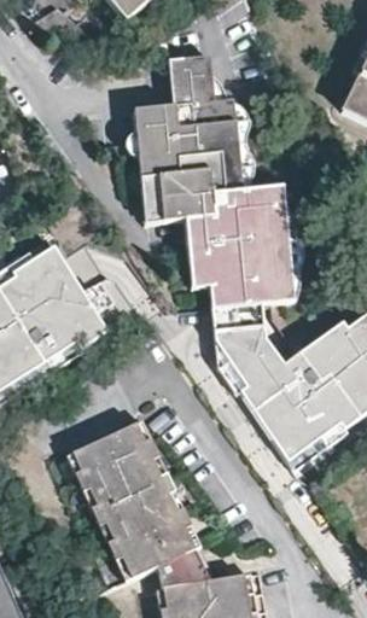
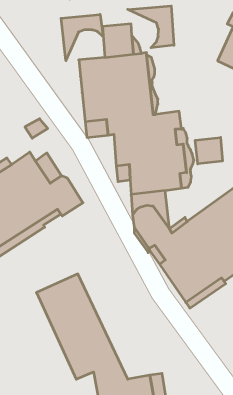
building: none -> [128,6,174,48]
building: none -> [61,14,103,61]
building: none -> [195,137,222,164]

